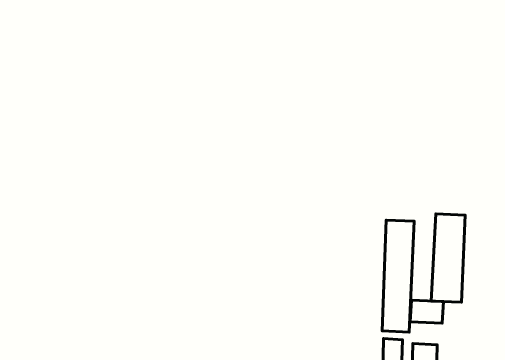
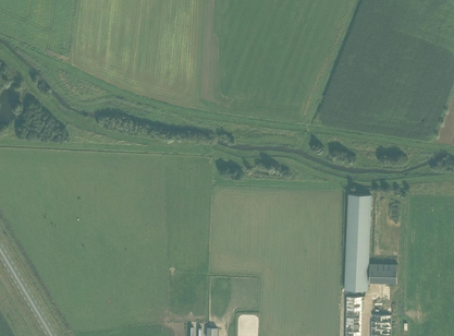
building: [431,214,465,302] -> none

